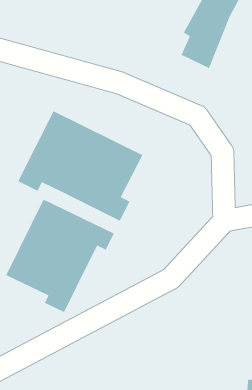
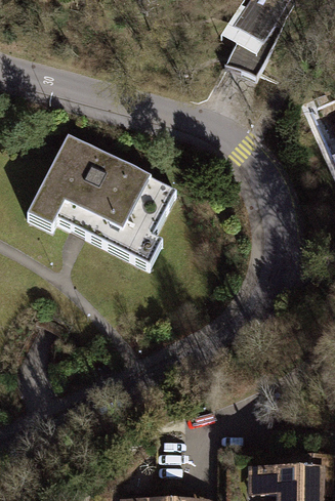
building: [5,198,115,313] -> none

